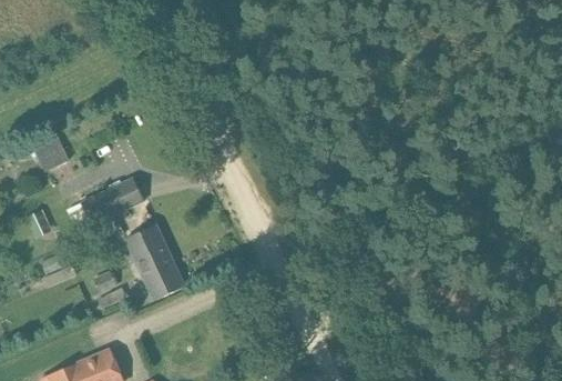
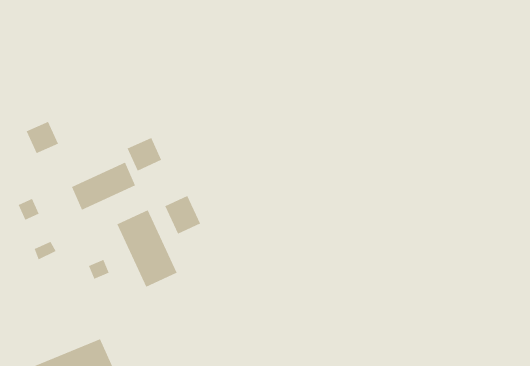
building: none -> [127,137,162,171]
building: none -> [164,195,201,235]

